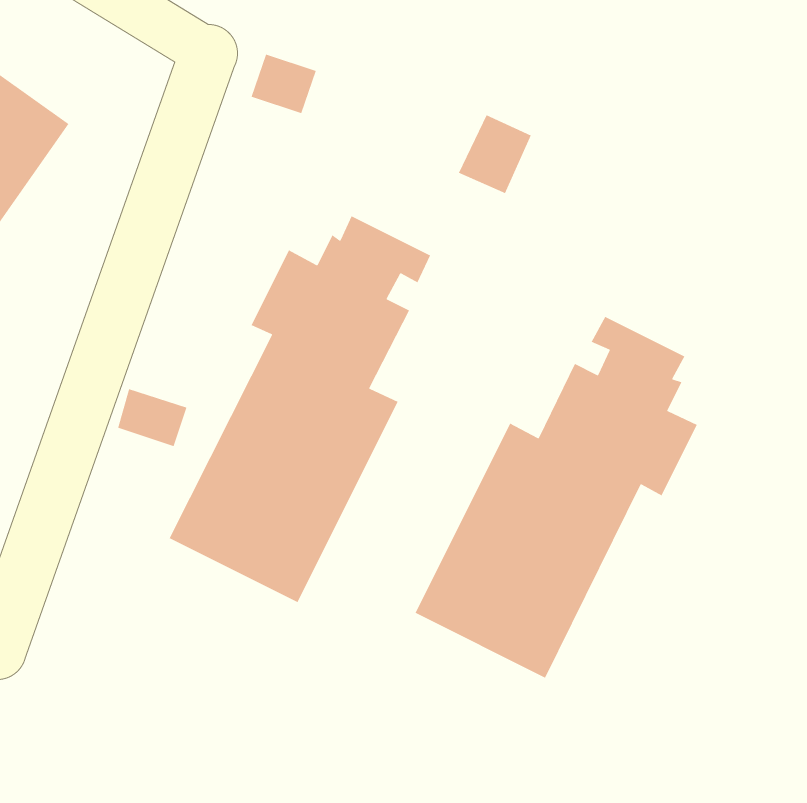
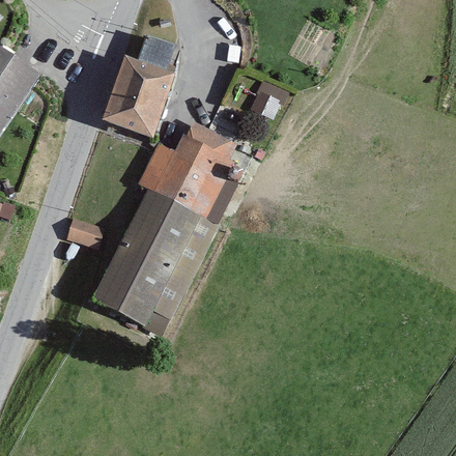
building: none -> [104,58,175,138]
building: [414,316,698,679] -> none

